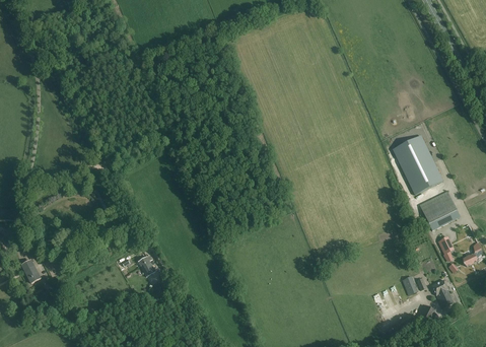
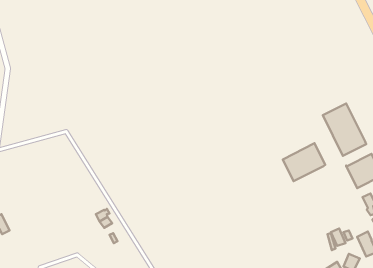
building: none -> [283,143,325,181]

